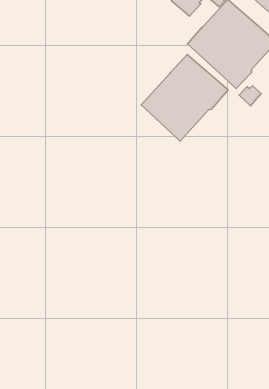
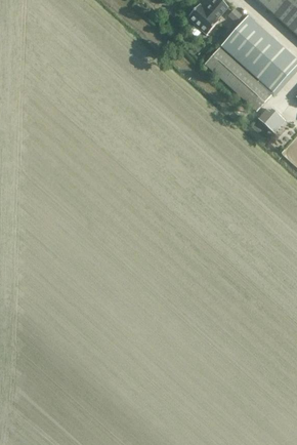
building: [141,54,228,141] -> none

